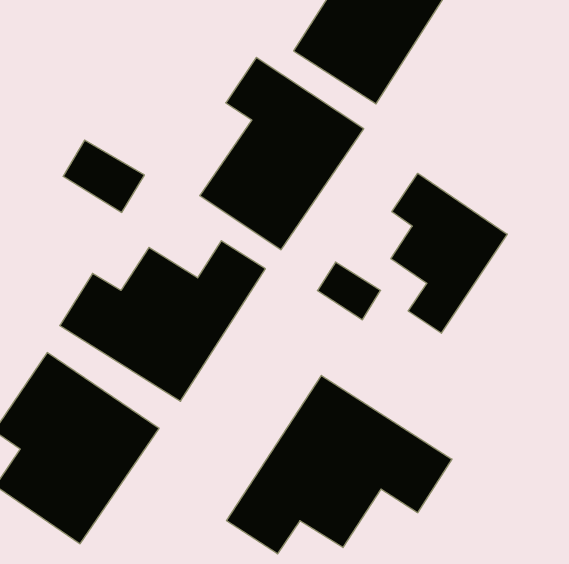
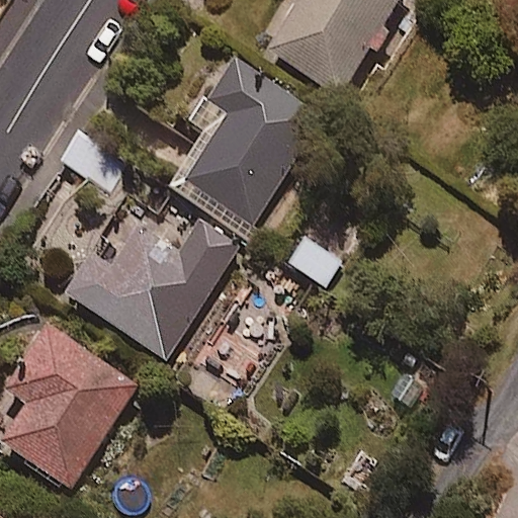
building: [391,173,507,333] -> none
building: [227,375,452,554] -> none

